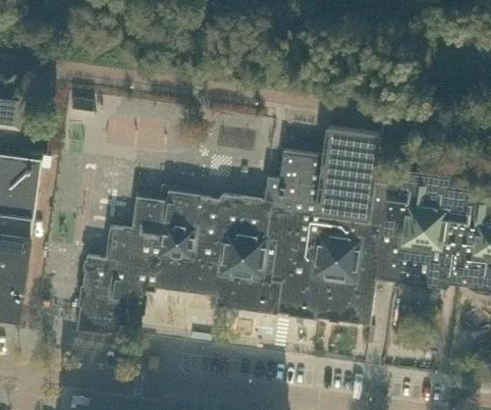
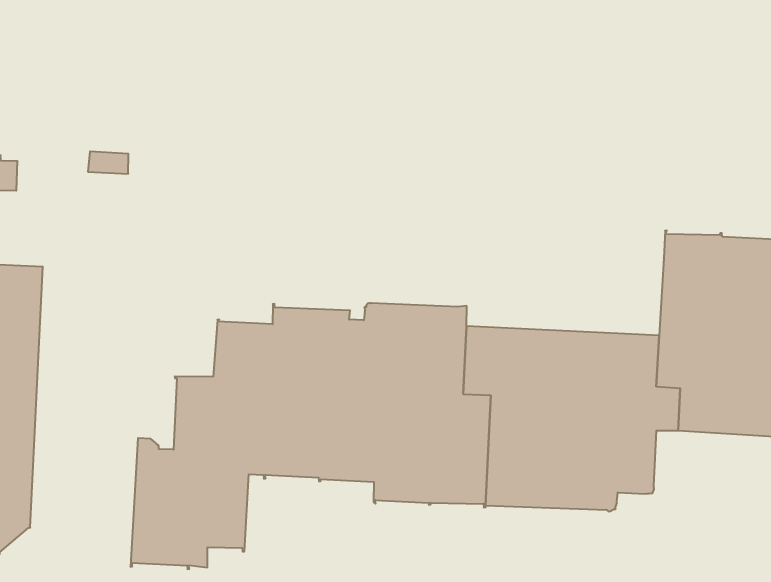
building: [264,124,387,225] -> none

